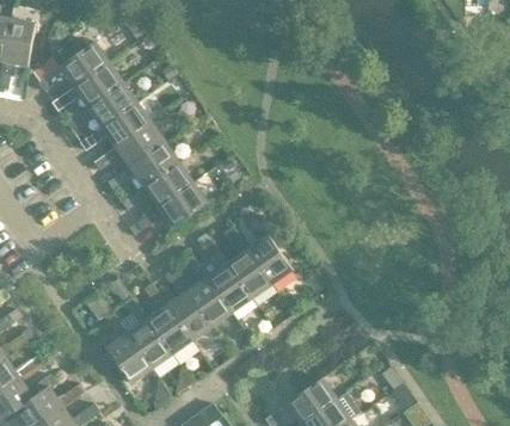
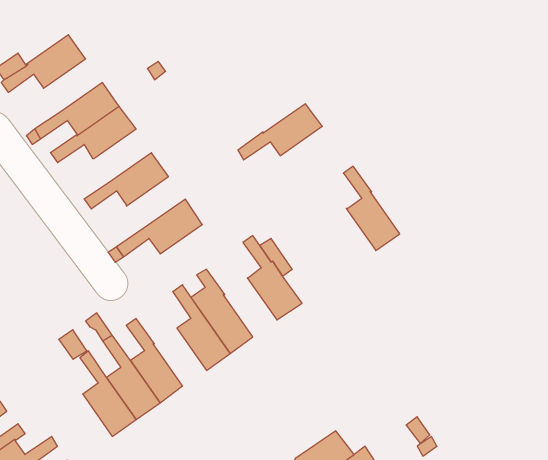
building: [51,63,123,111] -> none
building: [93,123,165,172] -> none
building: [122,163,193,211] -> [238,104,322,160]
building: [223,228,271,300] -> [343,166,400,251]
building: [164,270,211,341] -> none

